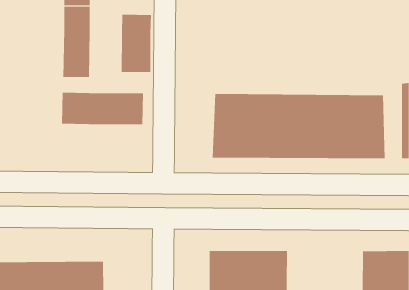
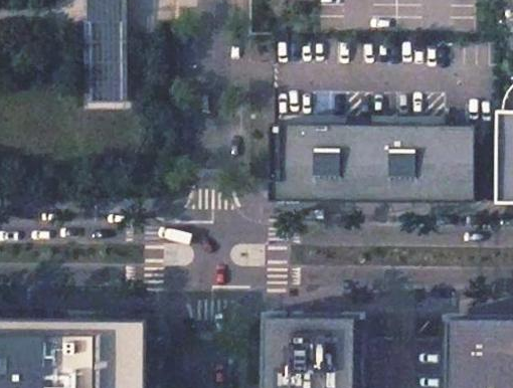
building: [121,14,151,73] -> none
building: [61,92,143,125] -> none

